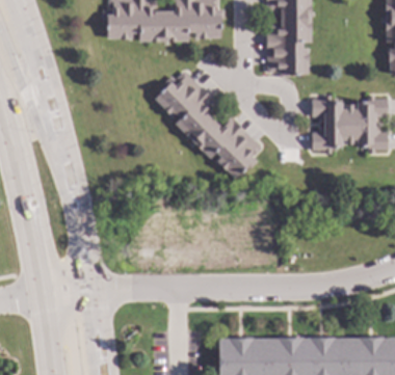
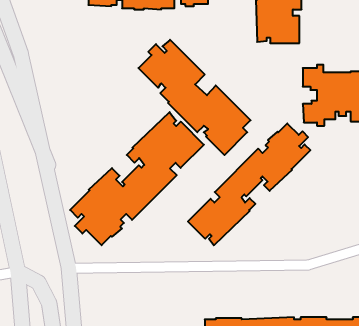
building: none -> [70,112,204,245]
building: none -> [188,123,310,245]

